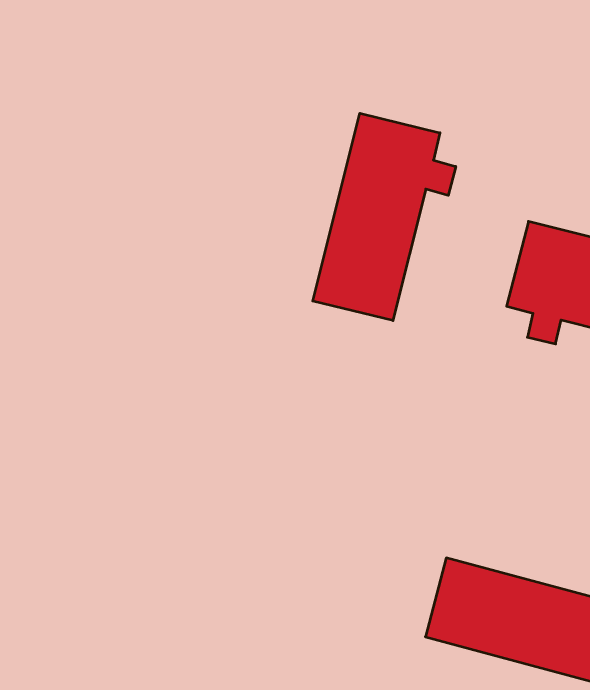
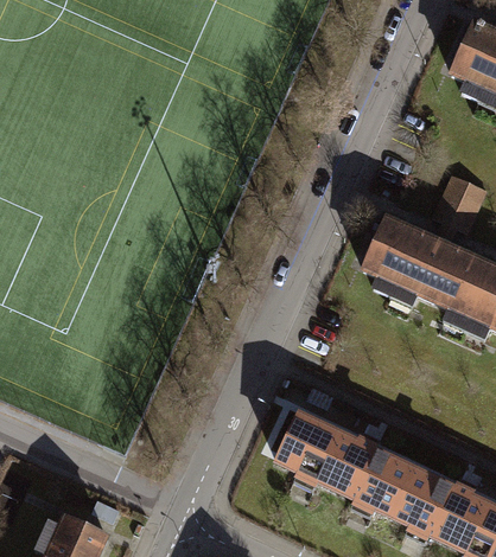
building: [313,113,456,321] -> none

